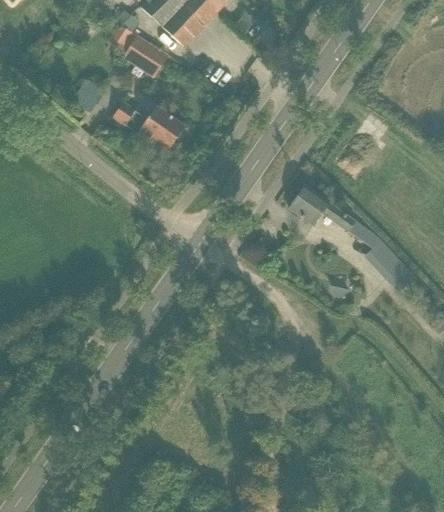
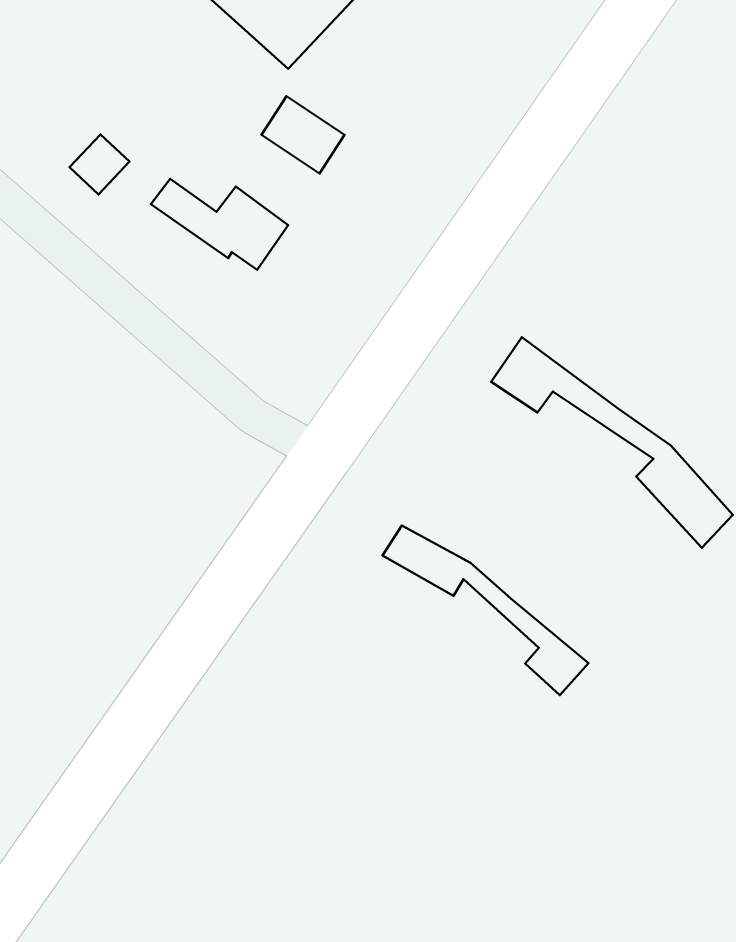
building: [124,35,167,75] -> [262,96,345,174]
building: none -> [382,525,589,695]

